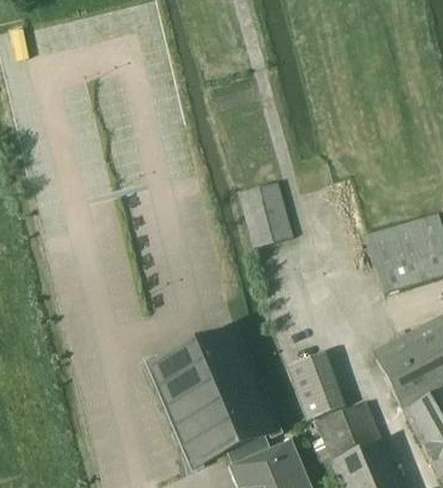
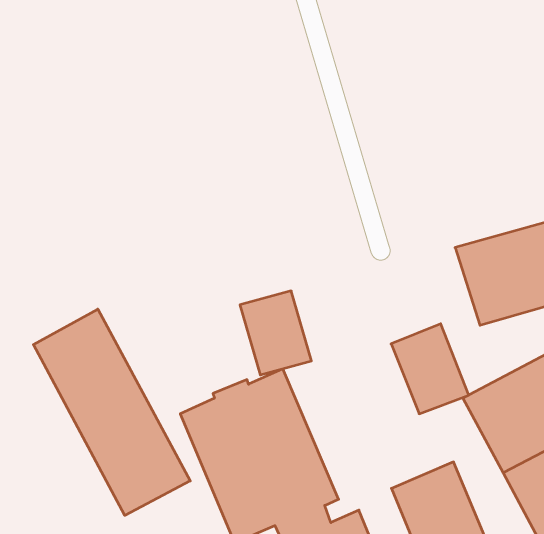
building: [238,182,294,247] -> [240,291,311,375]
building: none -> [33,309,190,515]
building: [286,351,346,421] -> [391,324,469,414]

